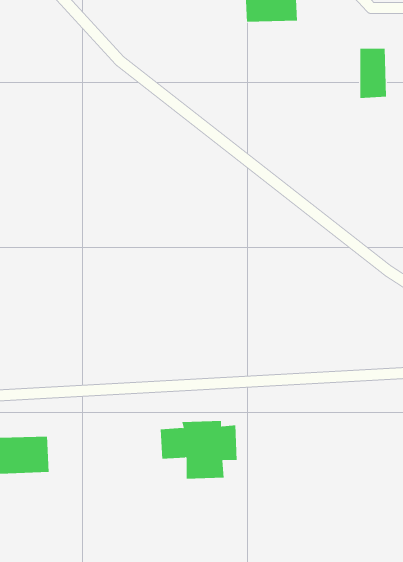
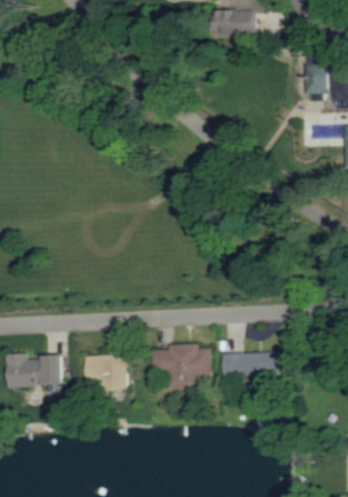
building: none -> [83,345,126,389]
building: none -> [221,352,279,377]

